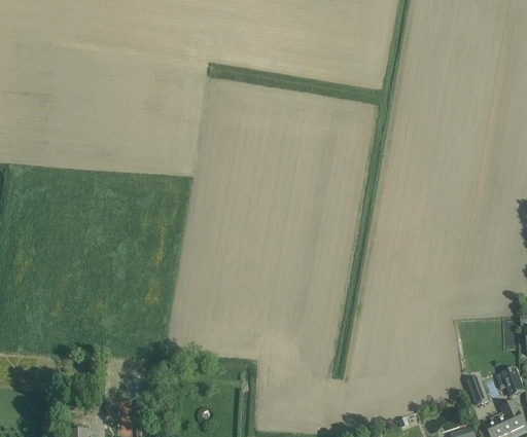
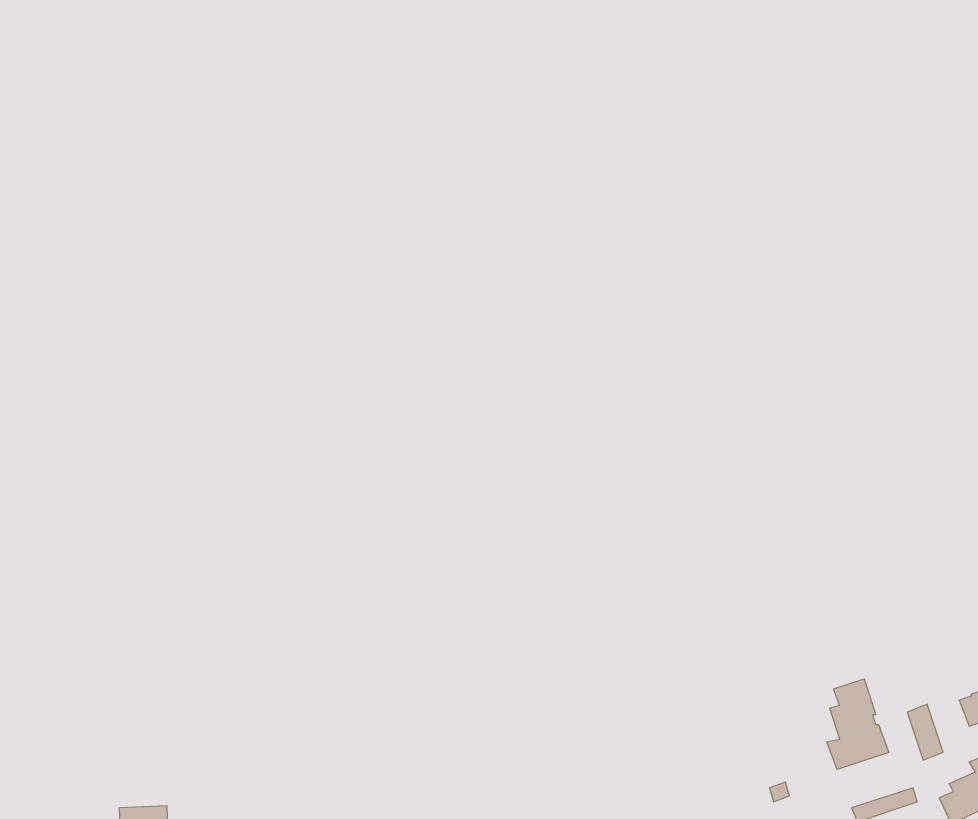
building: none -> [827,679,889,769]

